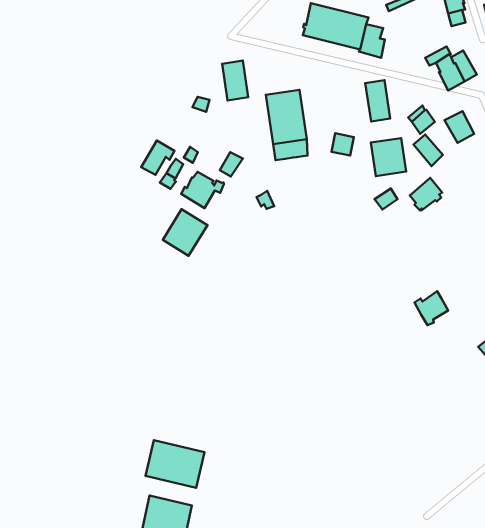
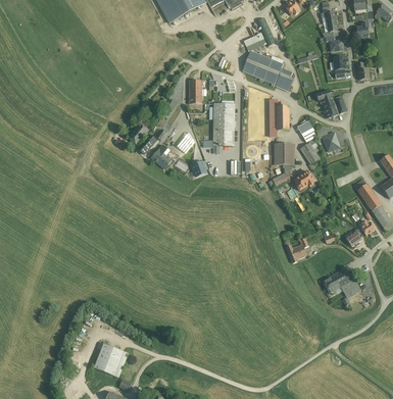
building: [163,209,207,256] -> none
building: [146,440,204,488] -> none

